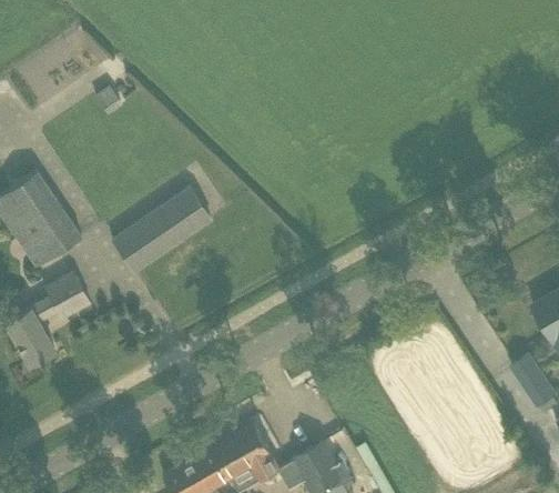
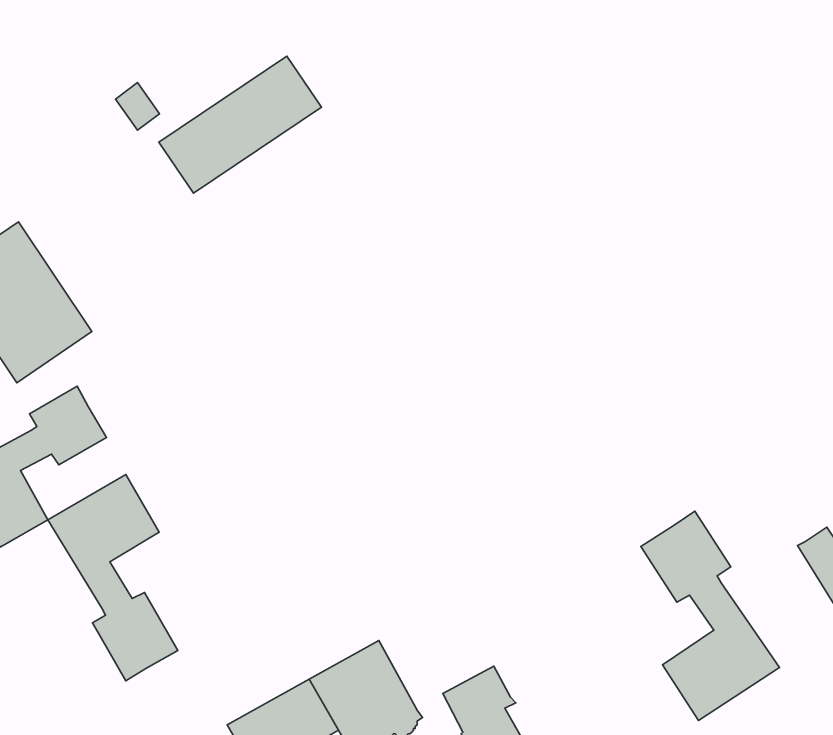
building: [114,190,213,273] -> [159,56,321,193]
building: none -> [48,474,178,681]
building: none -> [641,511,780,721]

